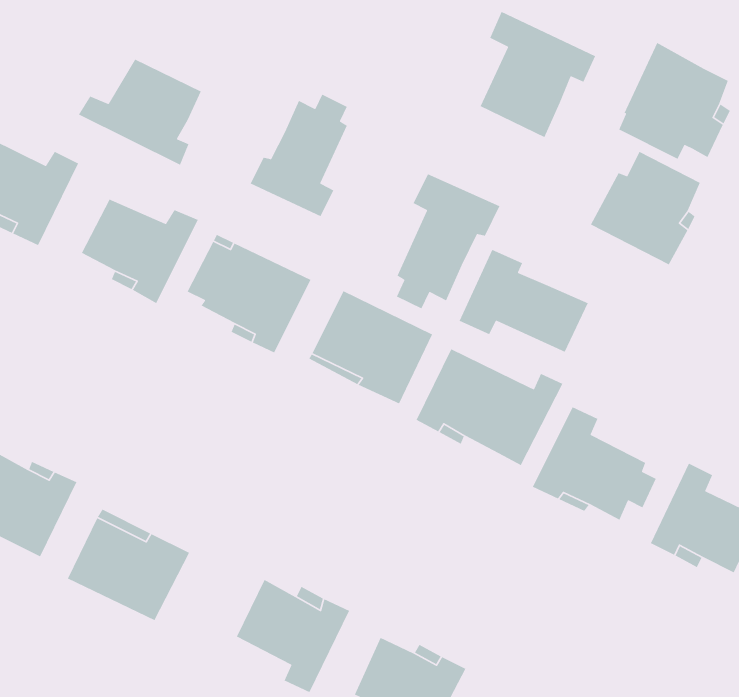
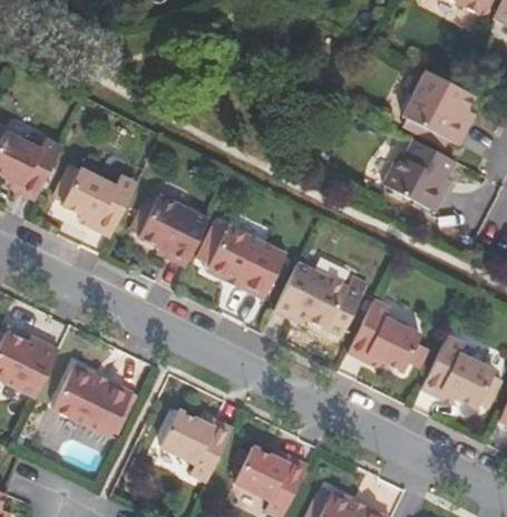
building: [479,11,596,138] -> none
building: [78,58,202,166] -> none
building: [250,94,348,217] -> none
building: [396,173,500,310] -> none
building: [458,249,589,353] -> none

